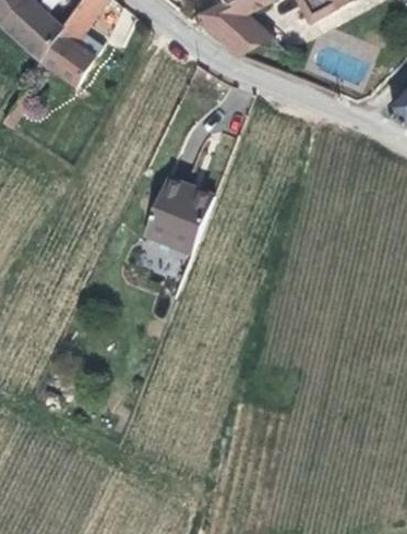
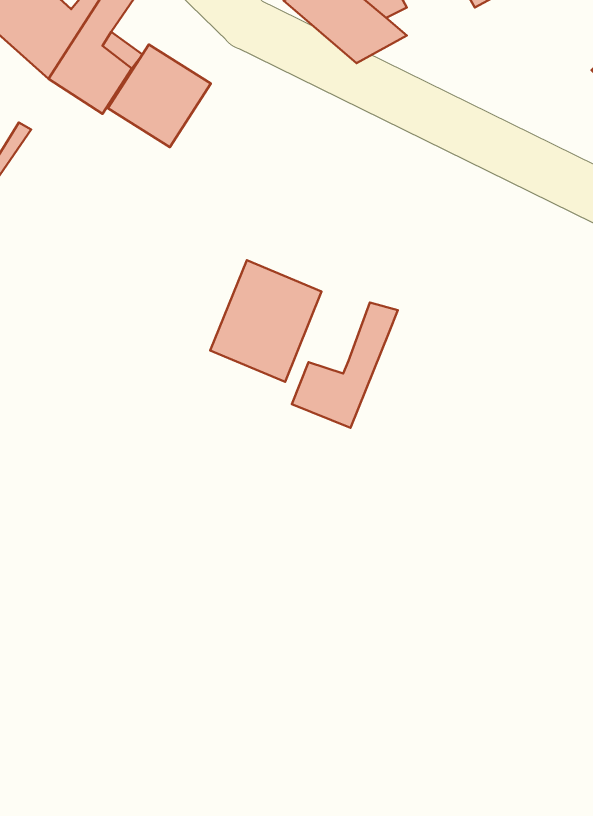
building: none -> [108,44,211,147]
building: none -> [292,302,398,428]

